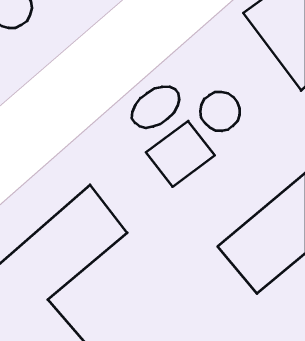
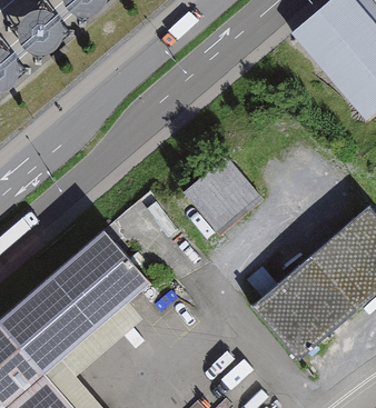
building: [132,87,179,128] -> none
building: [200,92,239,131] -> none

